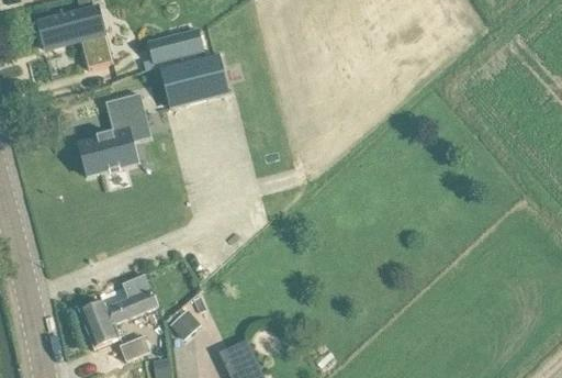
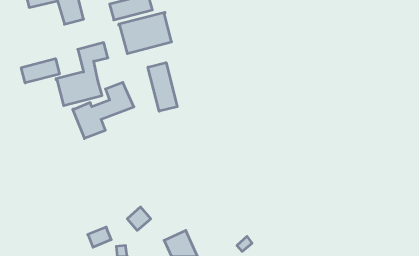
building: none -> [21,59,59,83]
building: none -> [148,63,177,111]
building: [79,275,159,348] -> [73,82,134,139]

